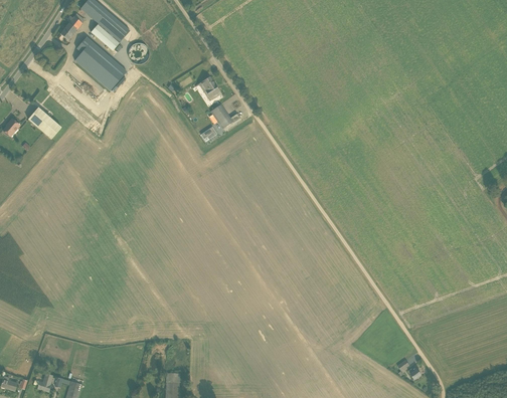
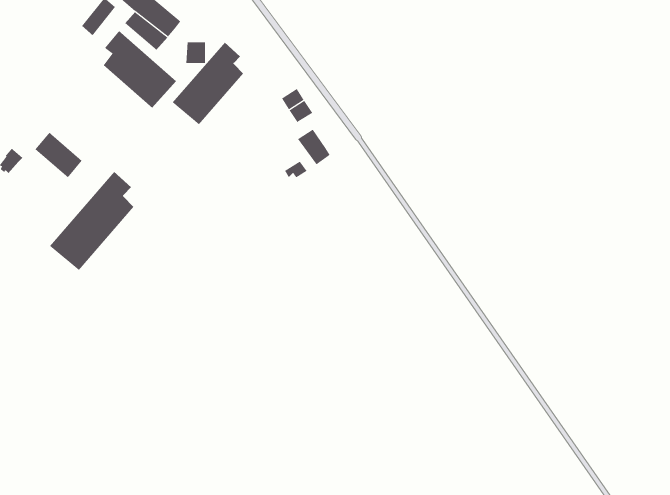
building: none -> [172,42,244,125]
building: none -> [49,171,134,271]

